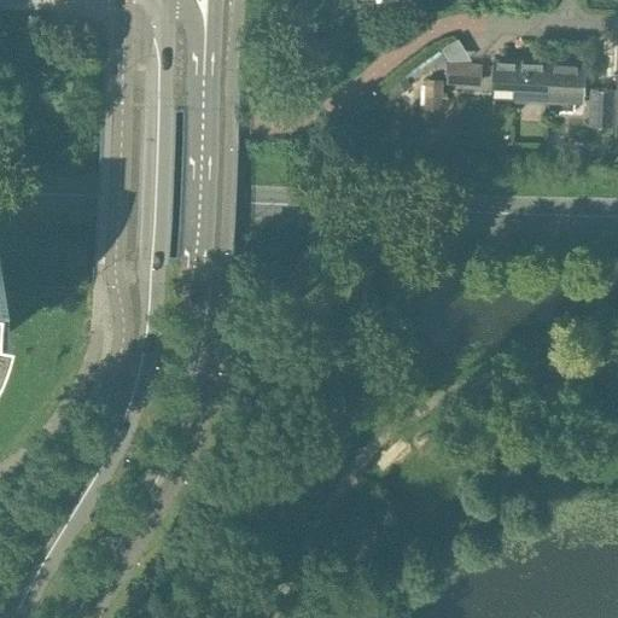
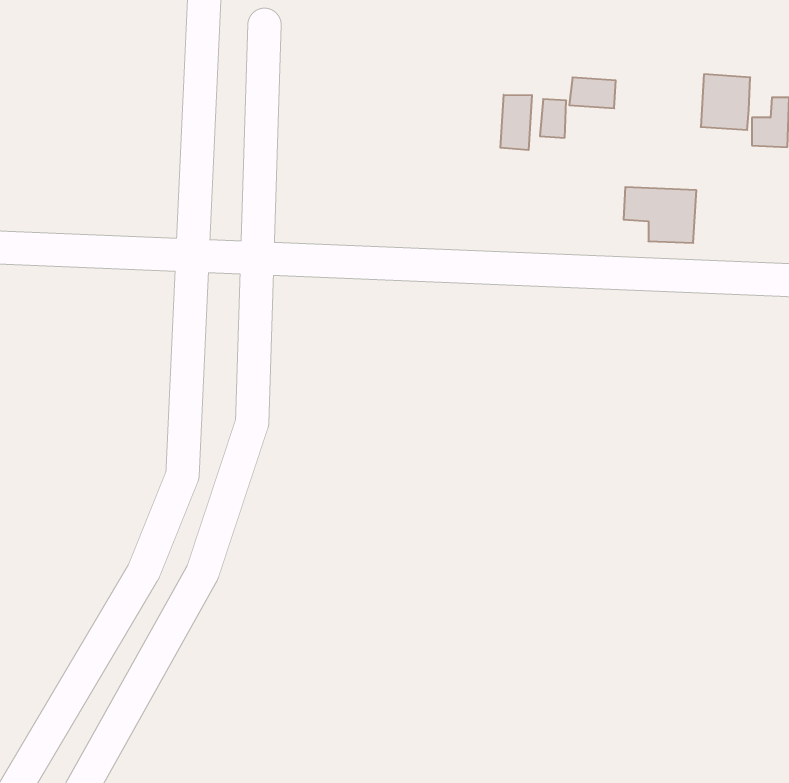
building: [492,62,549,105] -> [624,187,696,243]
building: none -> [500,95,532,150]

